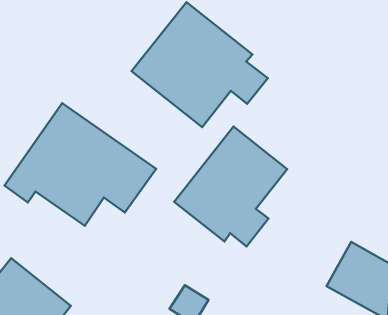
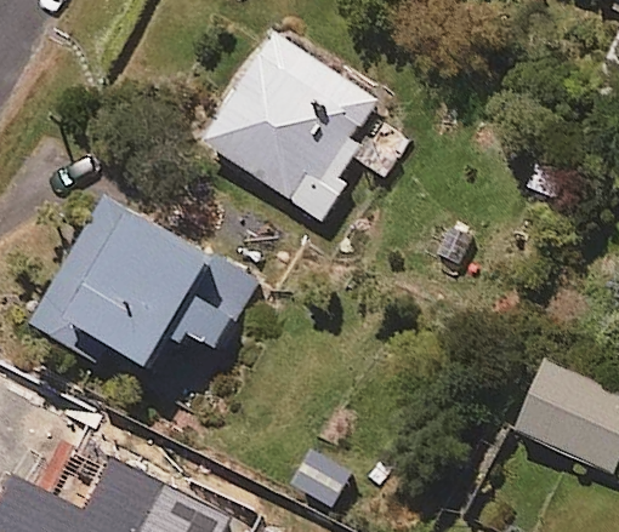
building: [174,127,287,246] -> none

